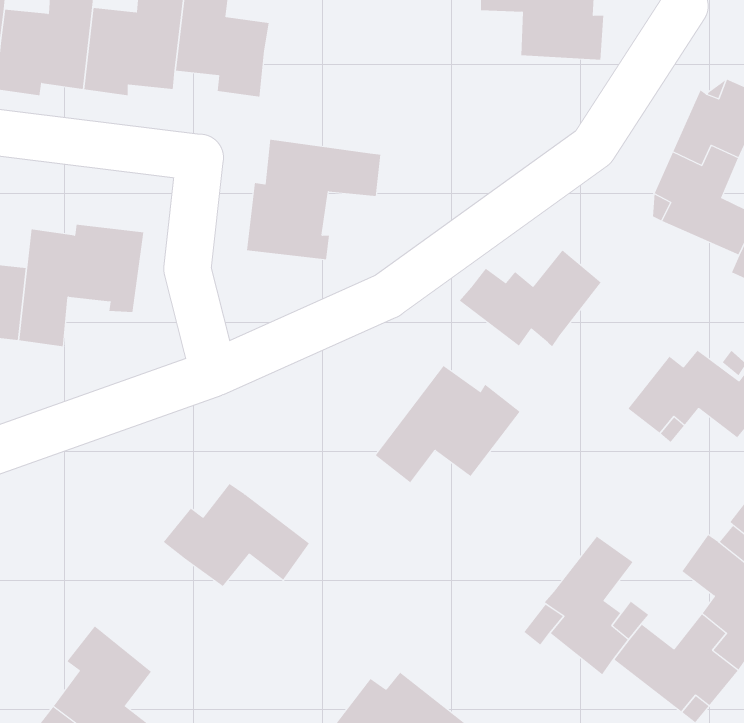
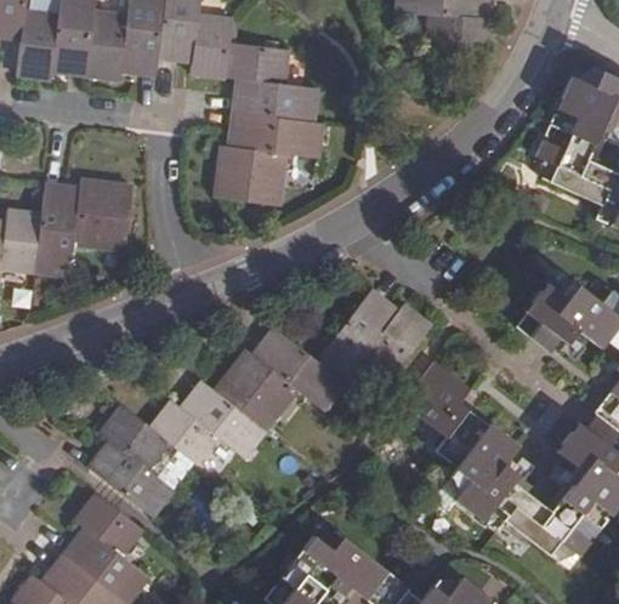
building: none -> [227,44,318,124]
building: [459,249,602,347] -> none
building: none -> [215,327,345,429]
building: none -> [413,361,490,467]
building: none -> [90,406,174,518]

